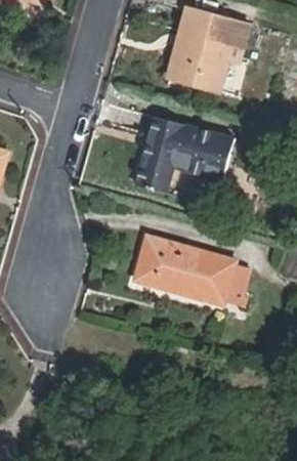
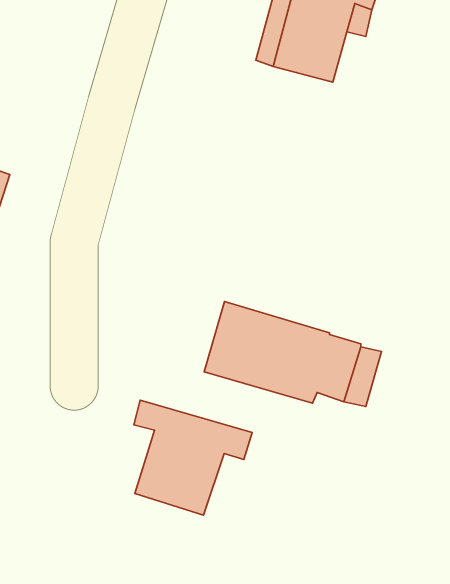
building: [137,117,234,192] -> none
building: none -> [134,400,252,515]

